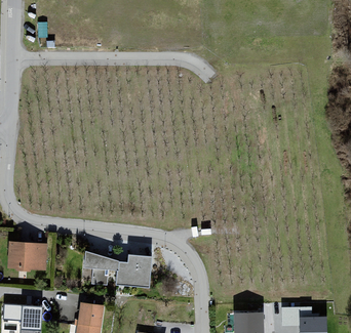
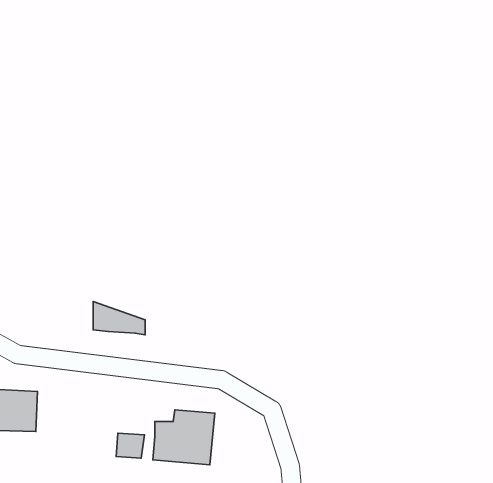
building: [85,253,117,274] -> [93,301,145,335]

